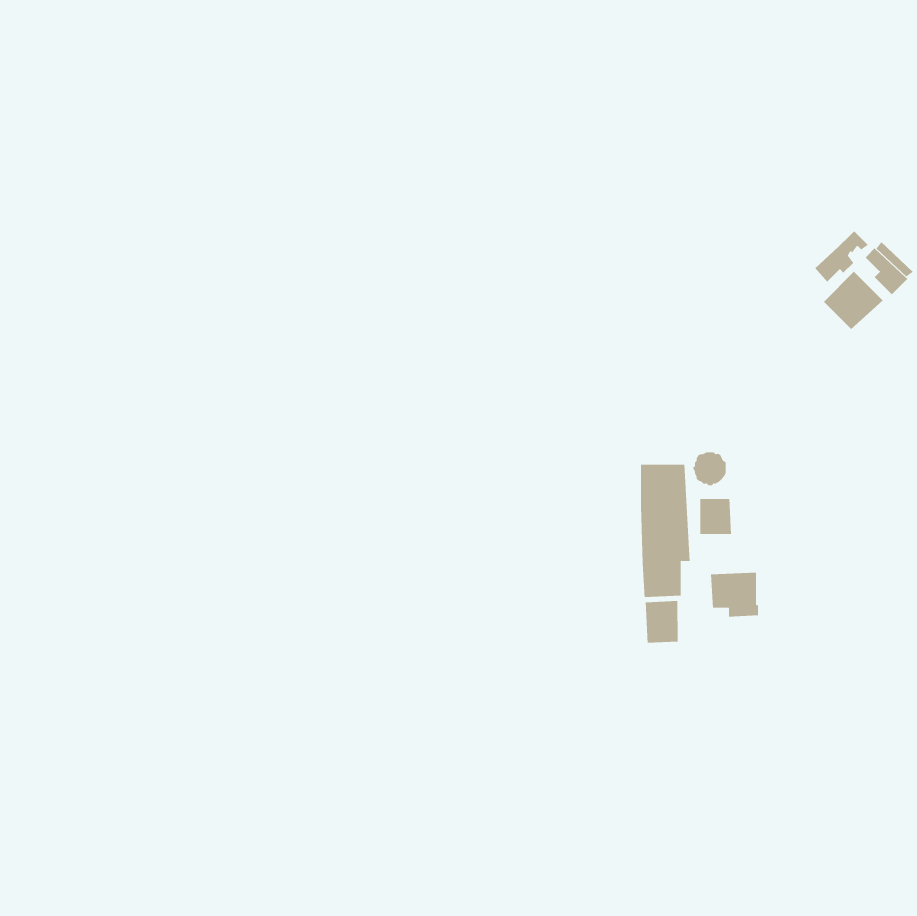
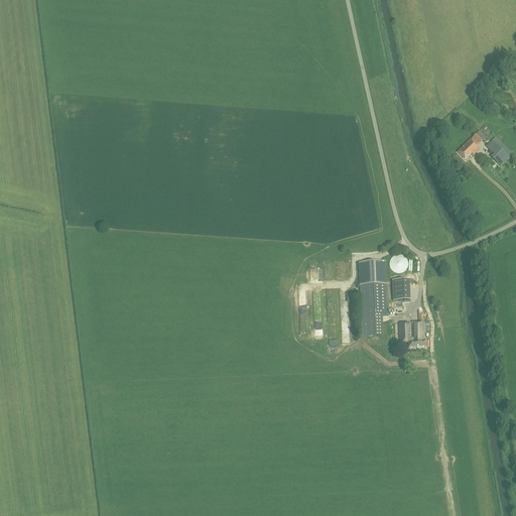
building: [823,271,883,330] -> none
building: [645,600,678,644] -> none

